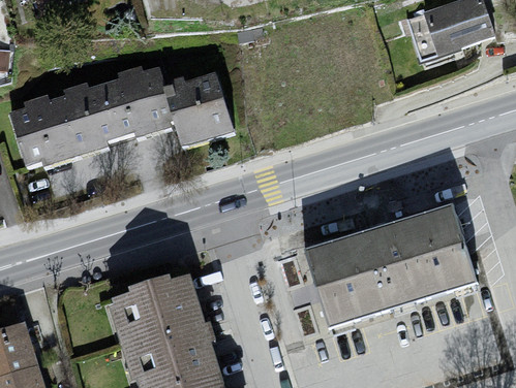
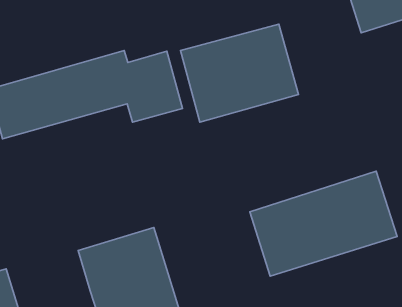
building: none -> [181,24,299,122]

